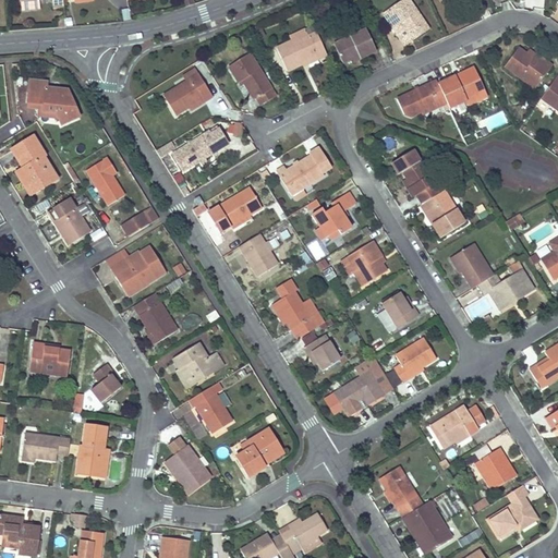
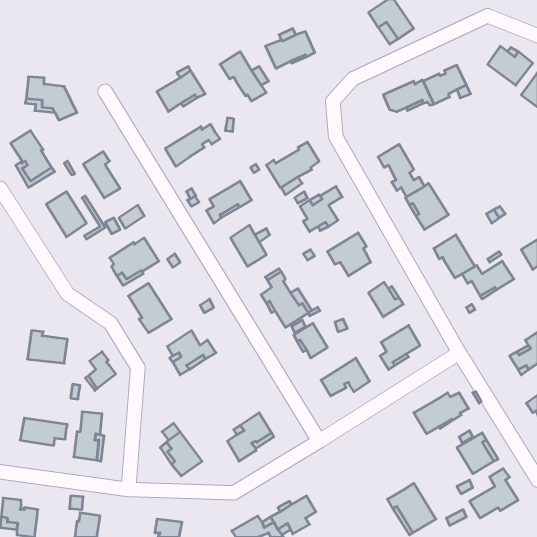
building: [333,28,376,62] -> none
building: [190,381,232,433] -> none
building: [379,466,420,517] -> none

